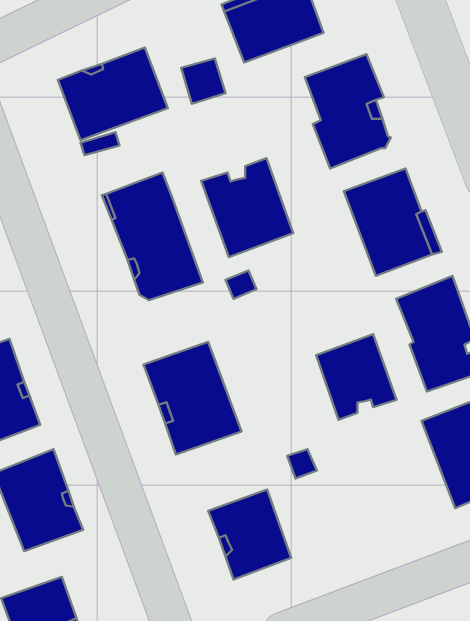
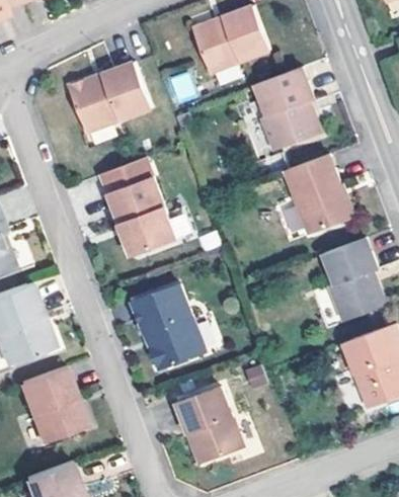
building: [201,158,293,257] -> none
building: [316,334,396,420] -> none

